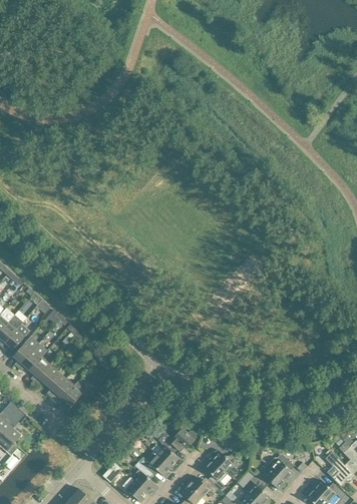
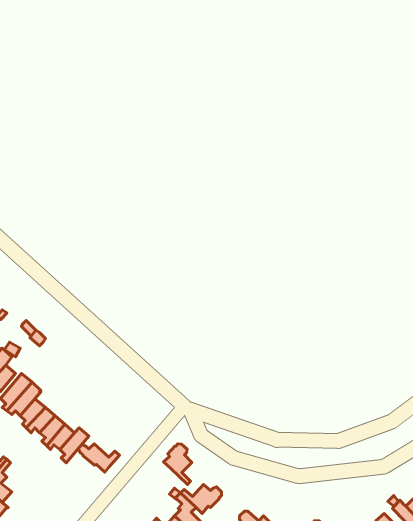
building: none -> [163,444,192,485]
building: none -> [79,444,119,472]

